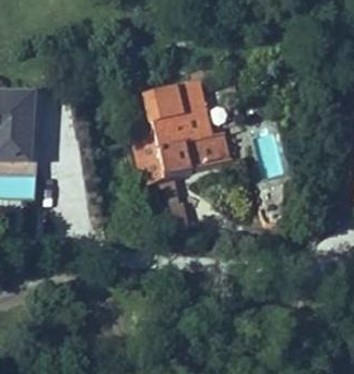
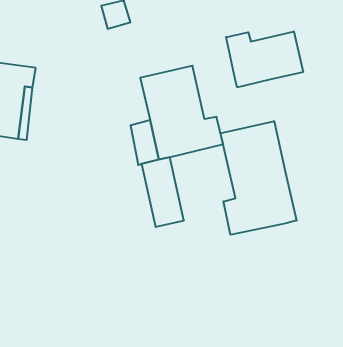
building: none -> [226,31,303,87]
building: none -> [221,121,297,235]

